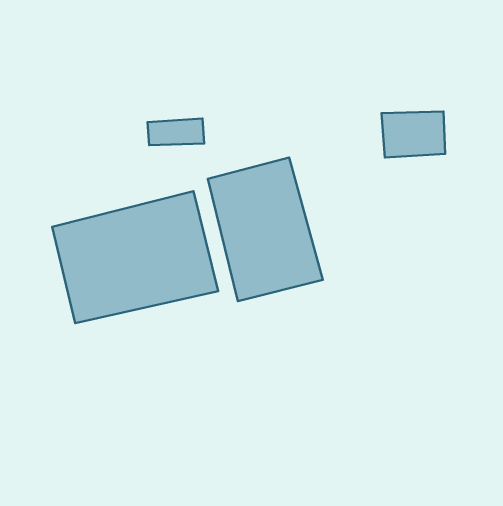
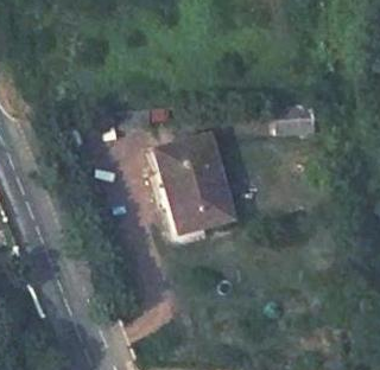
building: [52,191,218,323] -> none

